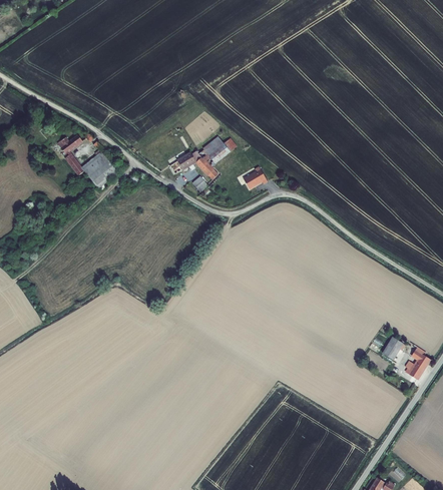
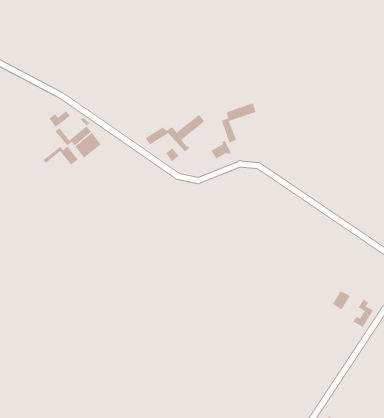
building: none -> [221,103,256,143]
building: none -> [42,146,79,166]

